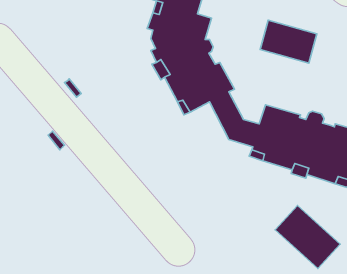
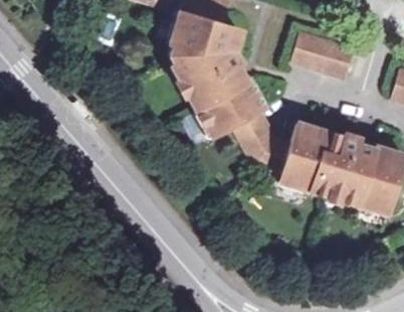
building: [275,205,340,269] -> none

